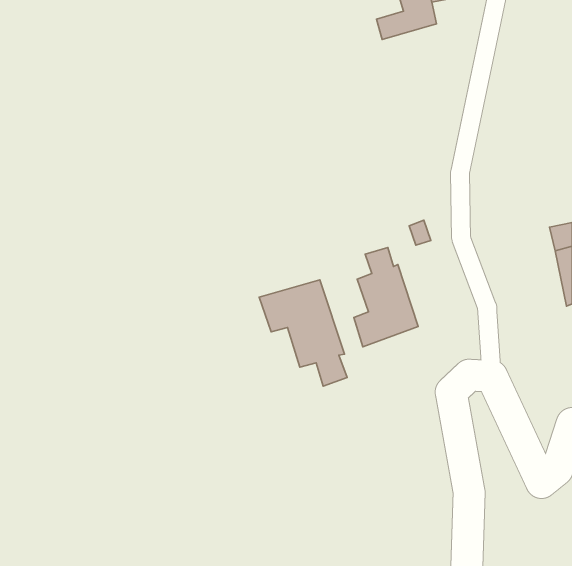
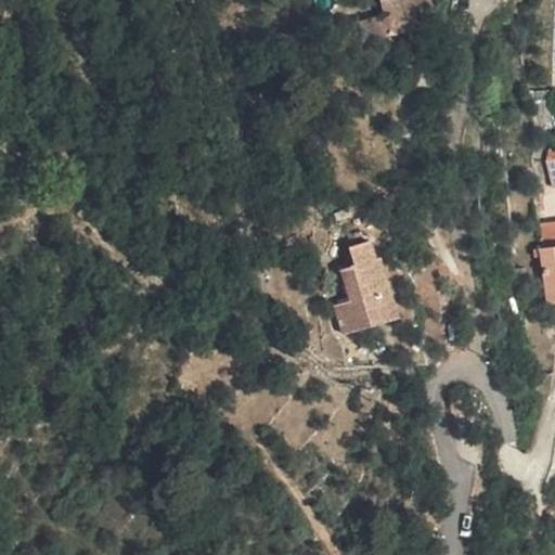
building: [259,280,347,386] -> none

